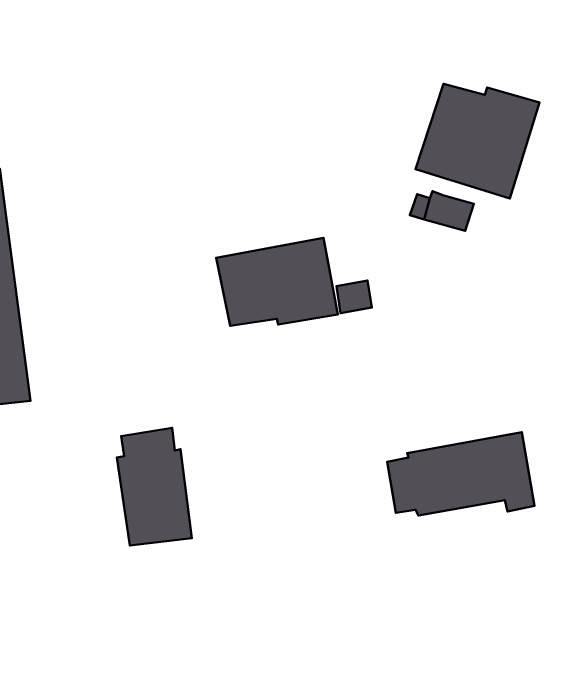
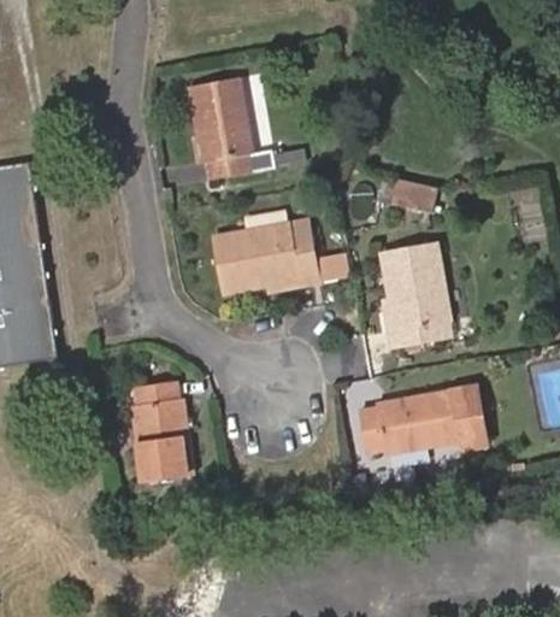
building: none -> [189,78,273,177]
building: [416,84,540,198] -> none
building: none -> [378,243,453,346]

